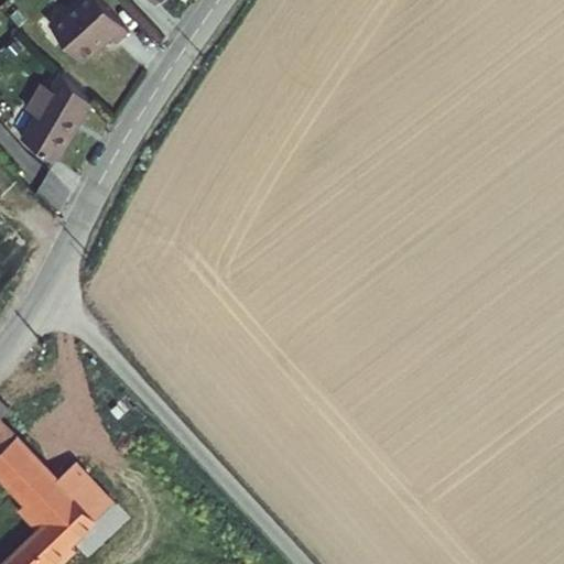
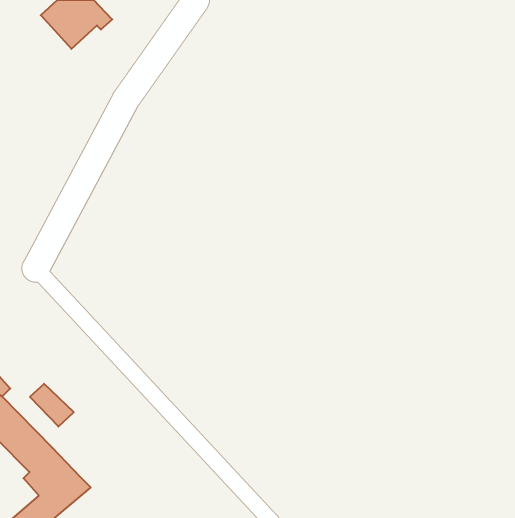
building: [22,77,86,161] -> none
building: [56,473,104,519] -> [30,384,74,427]

